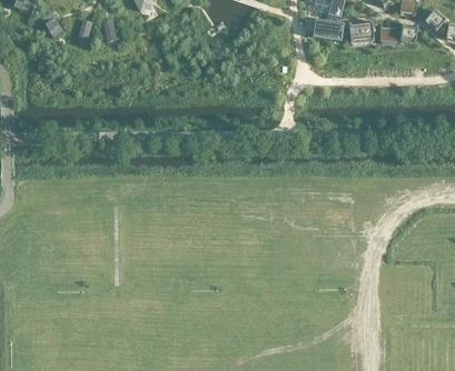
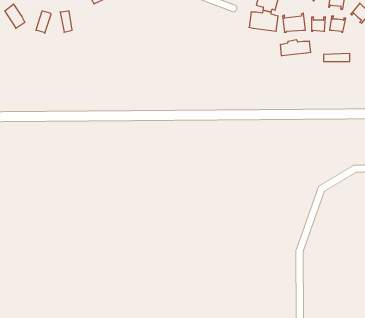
building: none -> [280,40,310,56]

